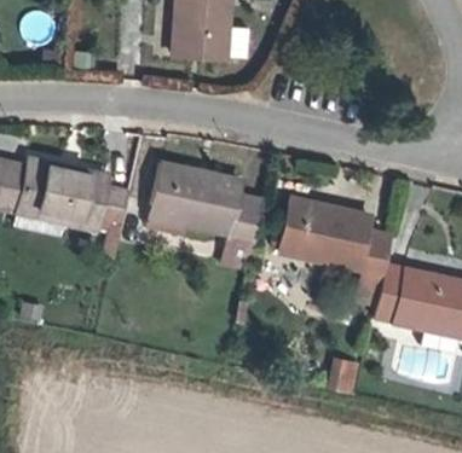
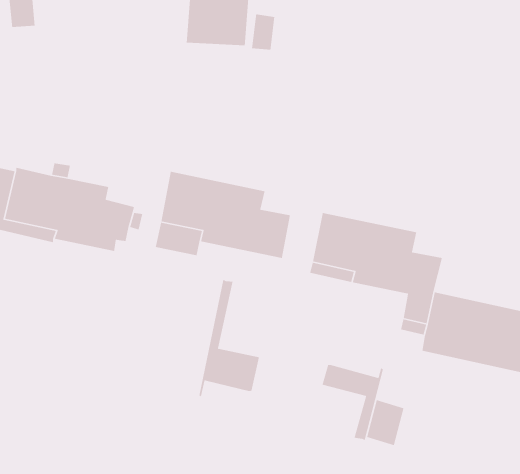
building: none -> [198,279,260,398]
building: none -> [322,364,384,441]

